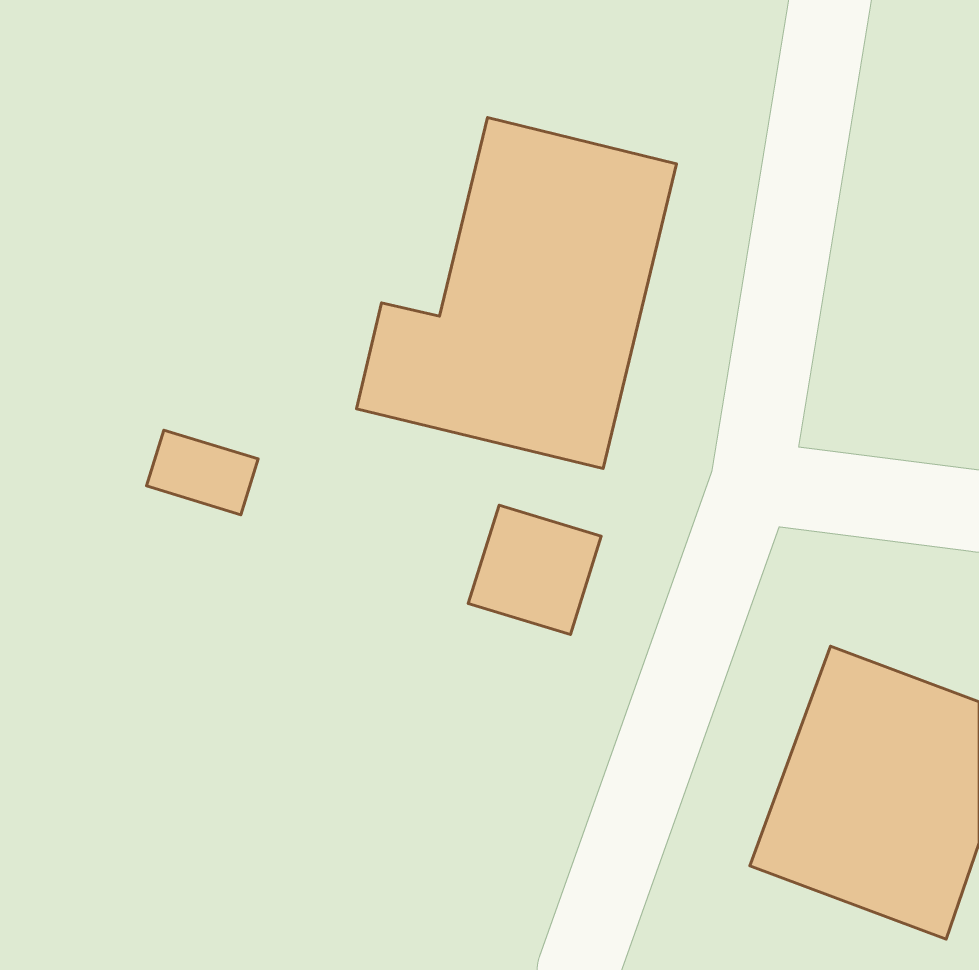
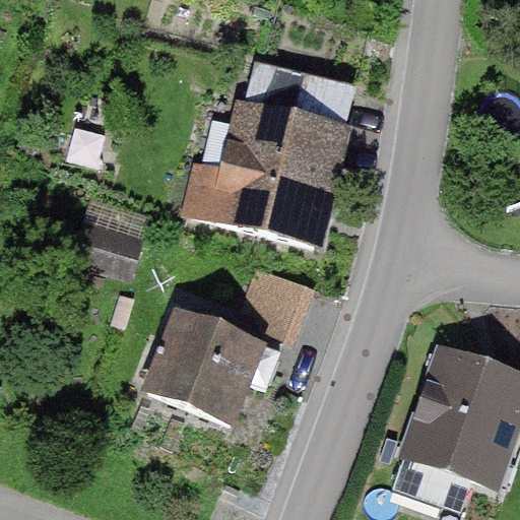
building: none -> [147,311,279,419]

